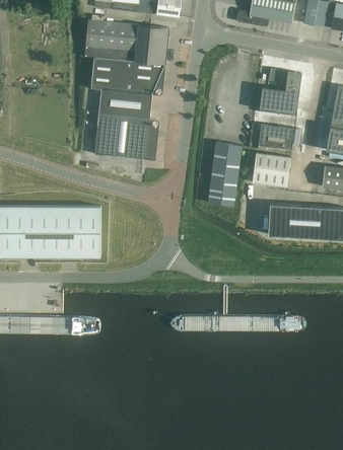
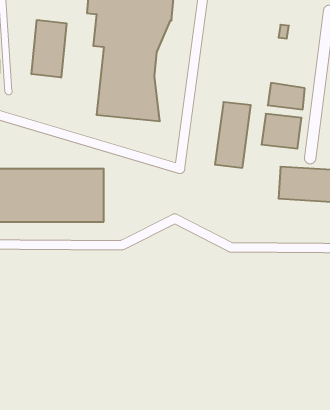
building: none -> [32,20,66,78]
building: [259,72,300,114] -> none

